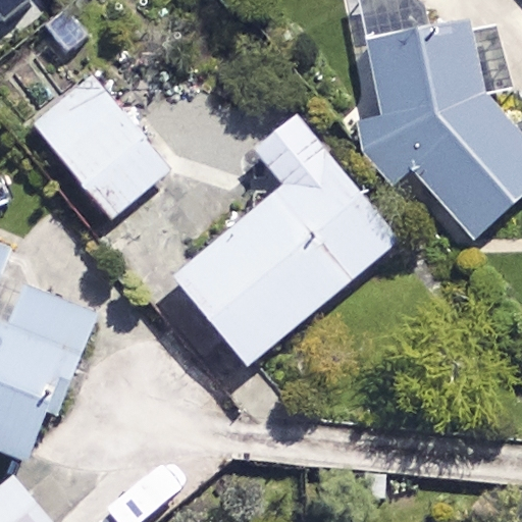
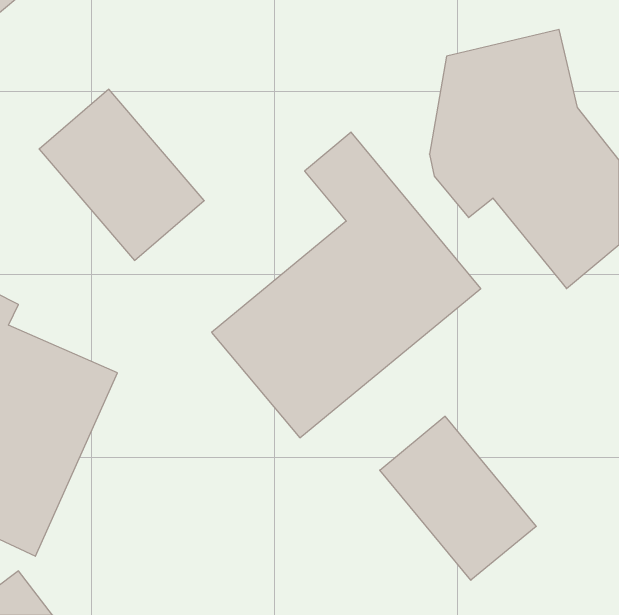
building: none -> [380,416,536,580]

